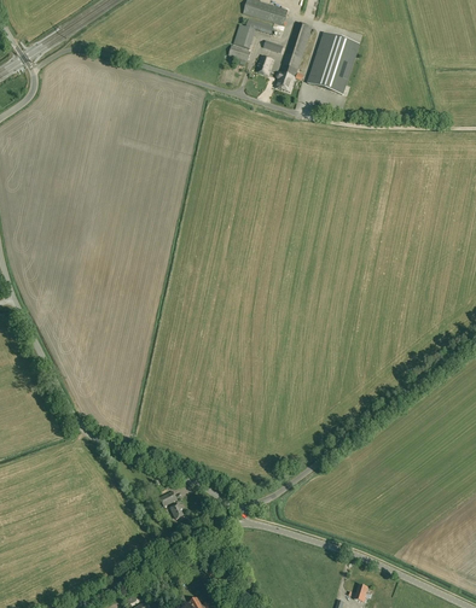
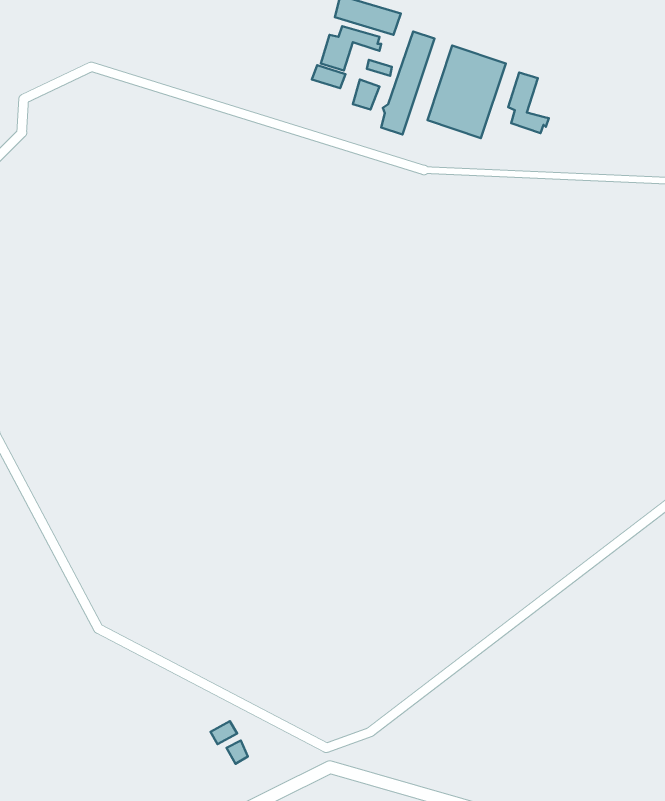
building: none -> [508,73,549,133]

